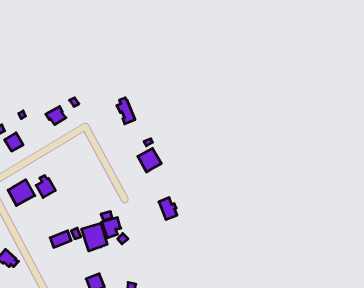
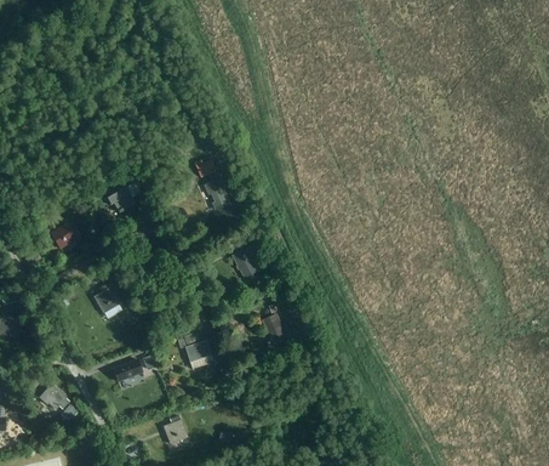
building: [8,180,35,206] -> none
building: [82,223,107,251] -> none

